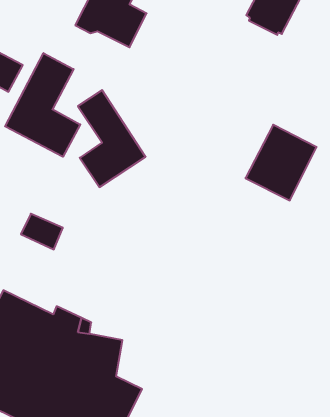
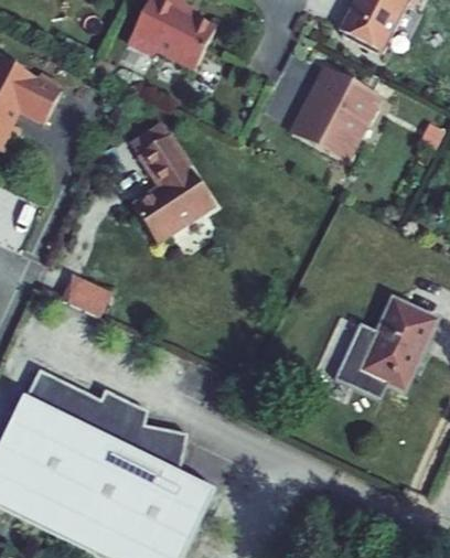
building: [5,53,80,157] -> none
building: [245,125,317,200] -> [291,67,379,161]
building: none -> [334,299,438,401]

